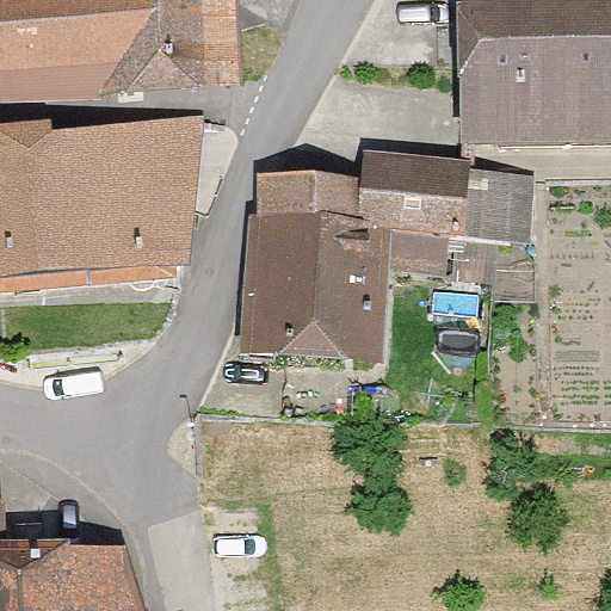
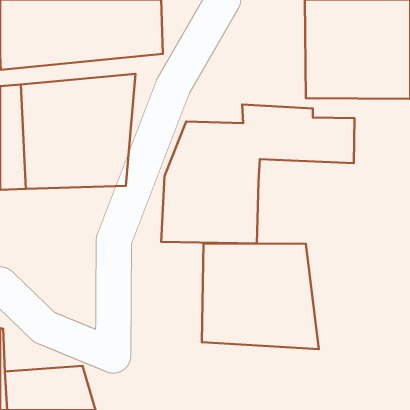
building: none -> [202,243,319,349]

